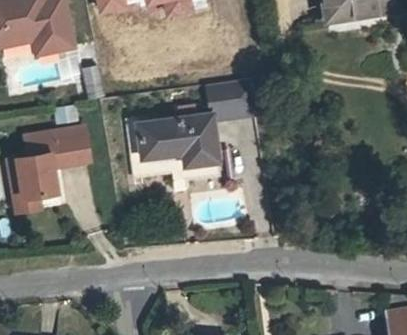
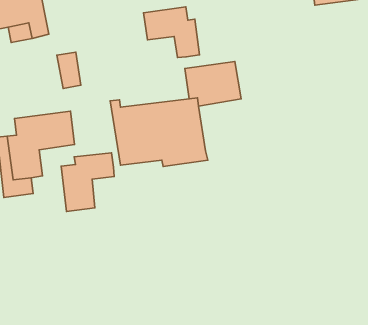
building: none -> [143,7,199,58]
building: none -> [61,153,114,211]

